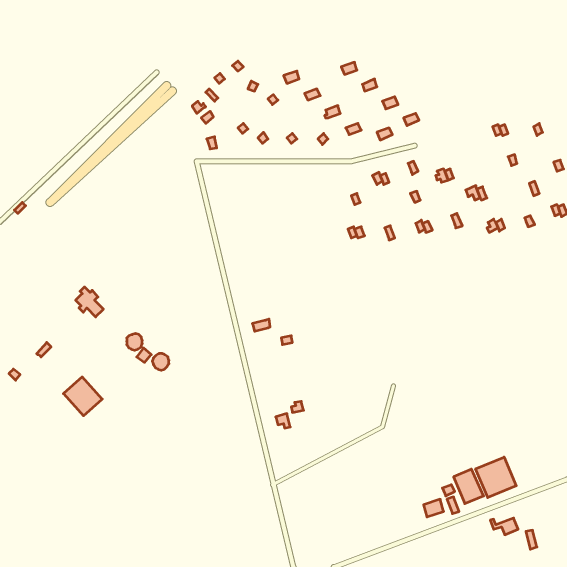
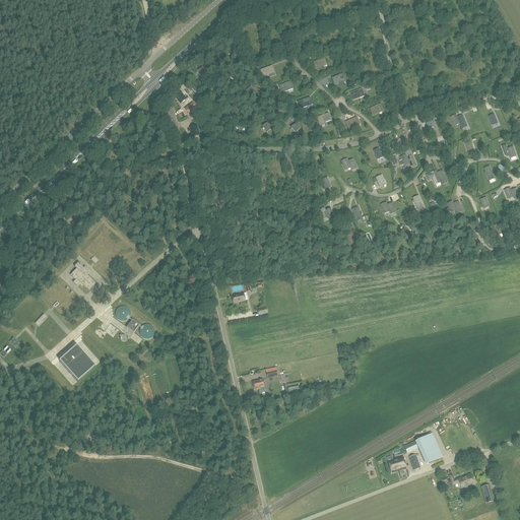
building: [476,457,516,498] -> none

